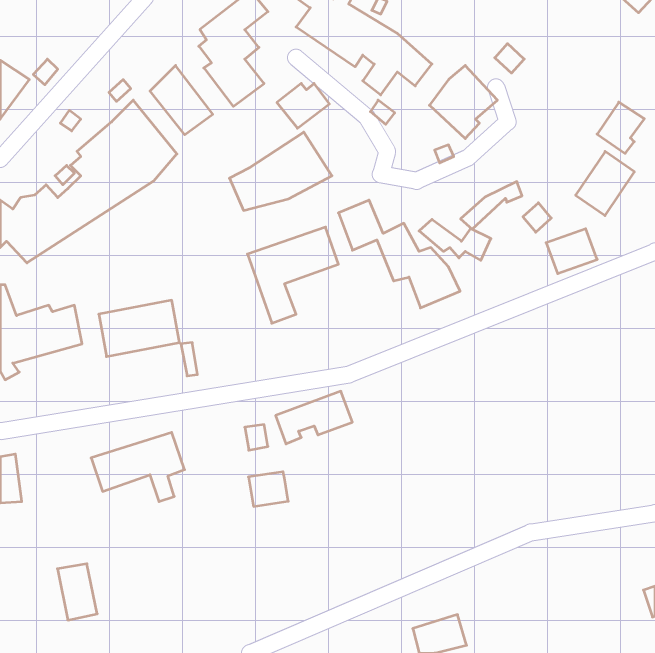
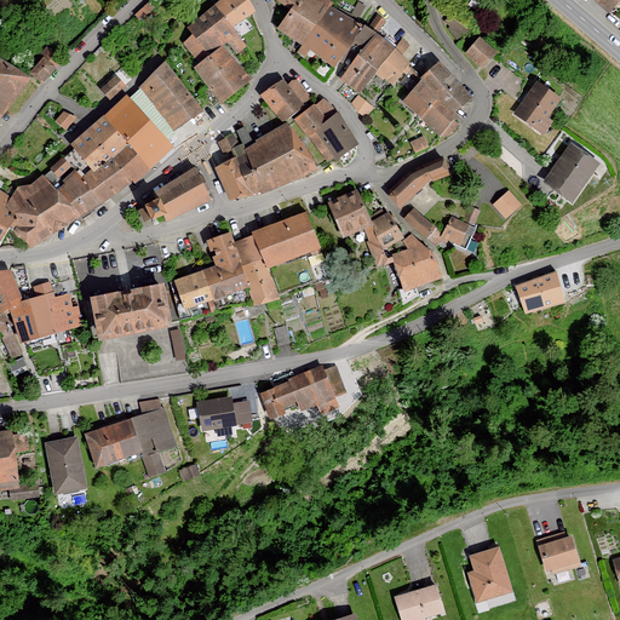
building: none -> [289,96,352,161]
building: [597,102,644,153] -> [516,84,561,132]
building: none -> [148,161,216,217]
building: [461,182,522,229] -> [390,159,448,203]
building: [546,229,597,274] -> [516,274,564,316]
building: none -> [174,237,248,311]
building: [248,472,288,506] -> [197,397,235,430]
building: [57,564,97,620] -> [47,437,85,490]
building: none -> [533,533,575,568]
building: none -> [463,544,509,599]

